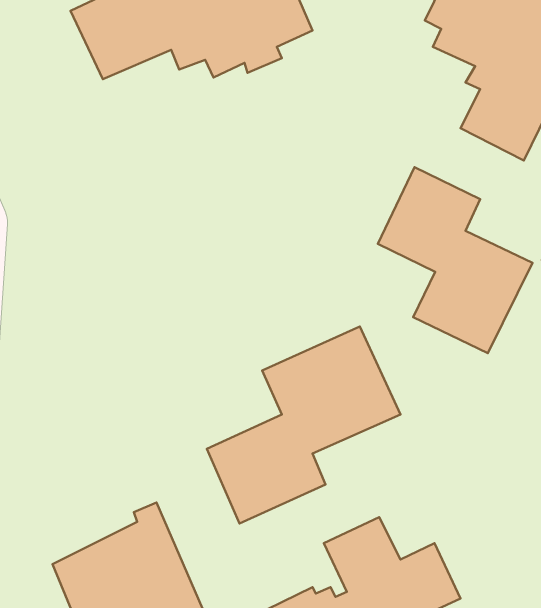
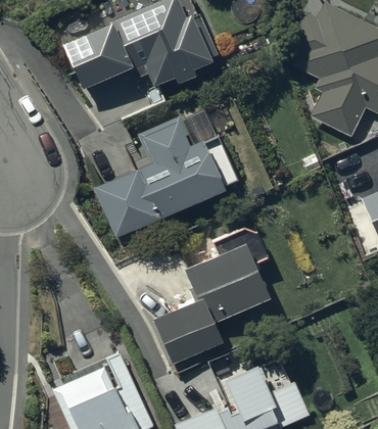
building: none -> [94,108,239,249]
building: [378,167,533,353] -> none

